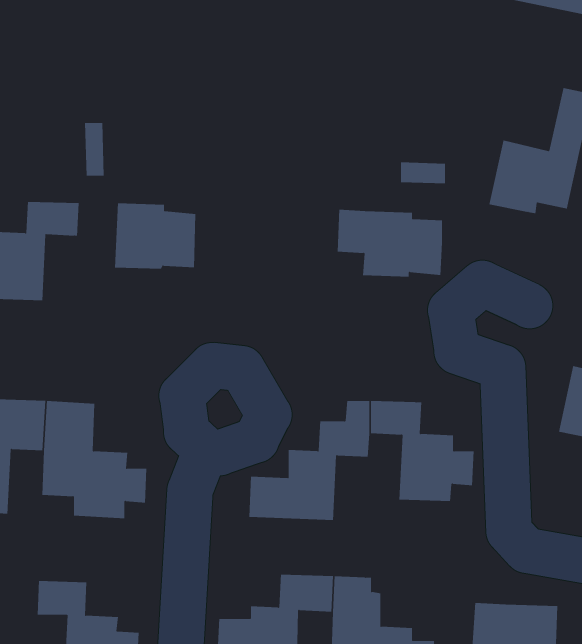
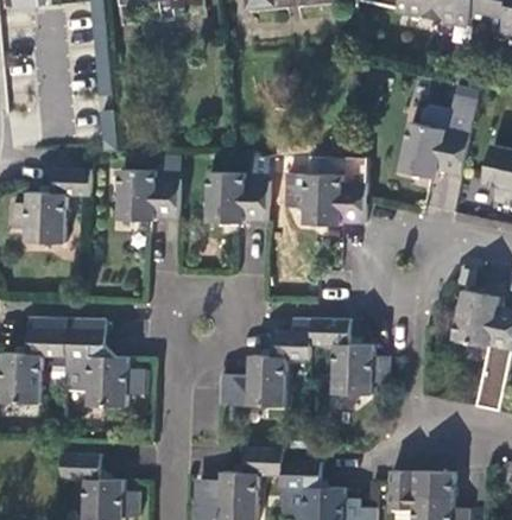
building: none -> [209,171,270,222]

